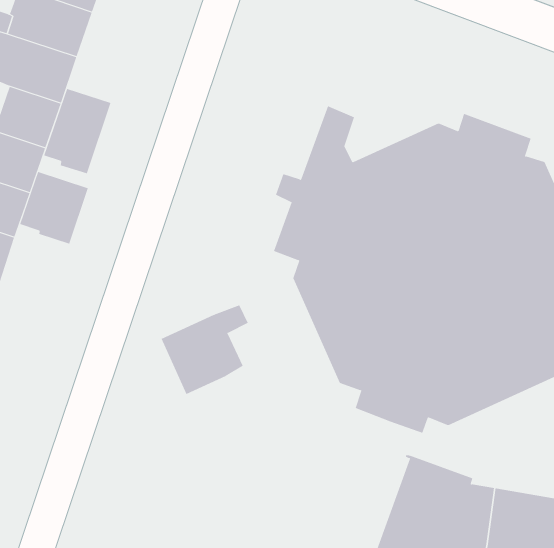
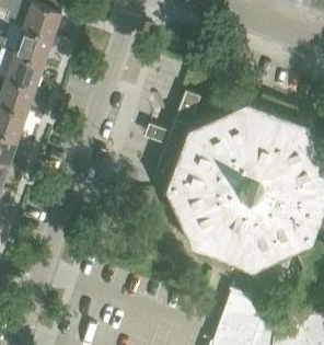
building: [44,88,111,174] -> none
building: [19,171,89,245] -> none
building: [161,304,249,395] -> none

